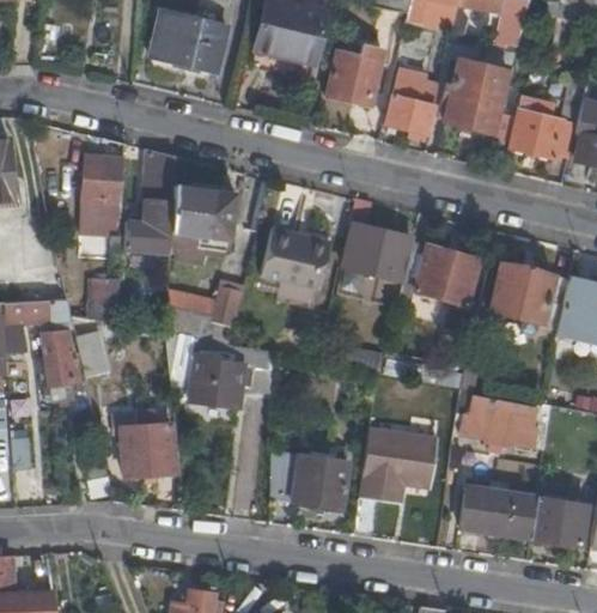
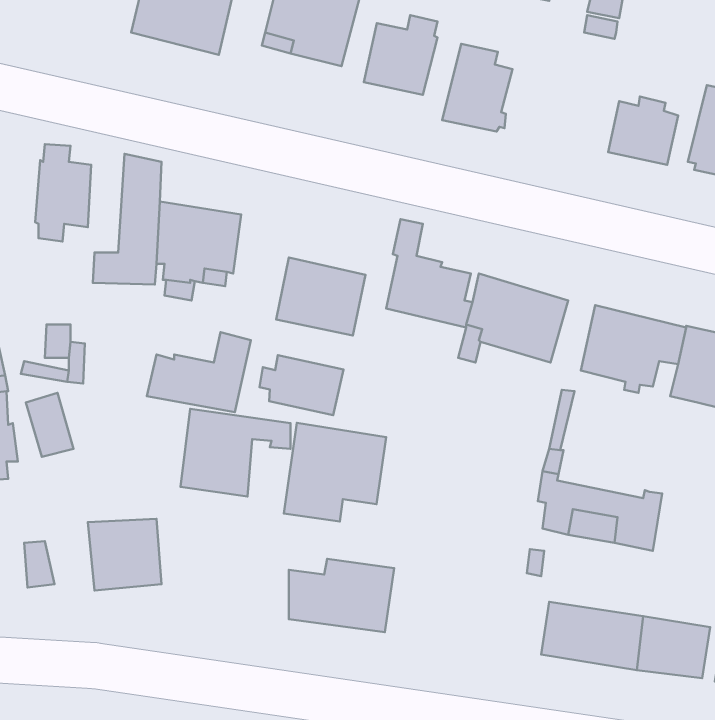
building: [438,59,507,133] -> none
building: none -> [260,355,343,415]
building: [360,427,437,502] -> [284,423,386,522]

